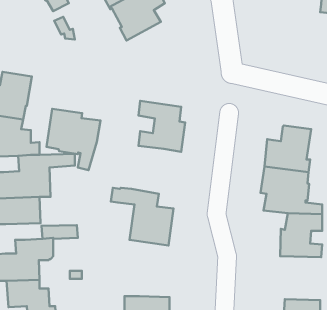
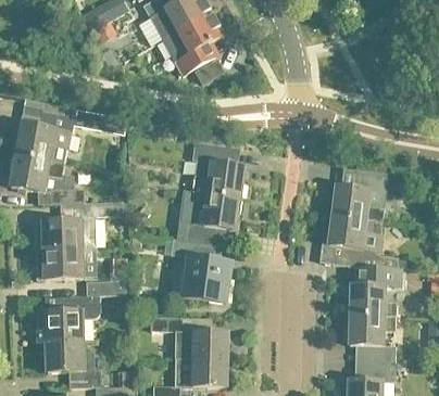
building: [46,109,100,170] -> none
building: none -> [185,192,240,246]
building: none -> [349,315,396,363]
building: none -> [151,316,227,360]

